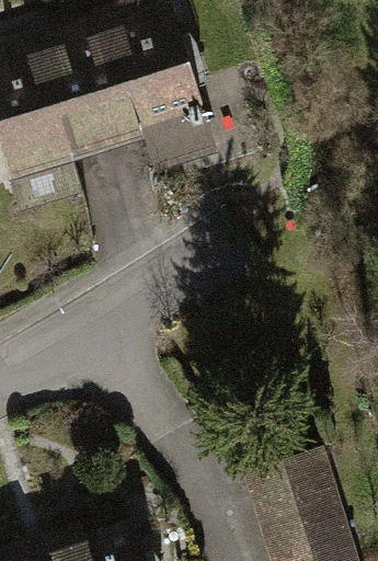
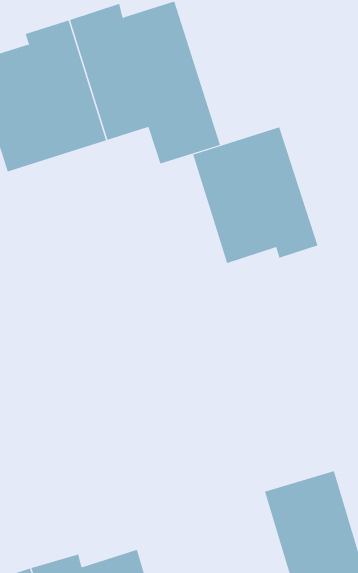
building: none -> [192,127,318,264]

